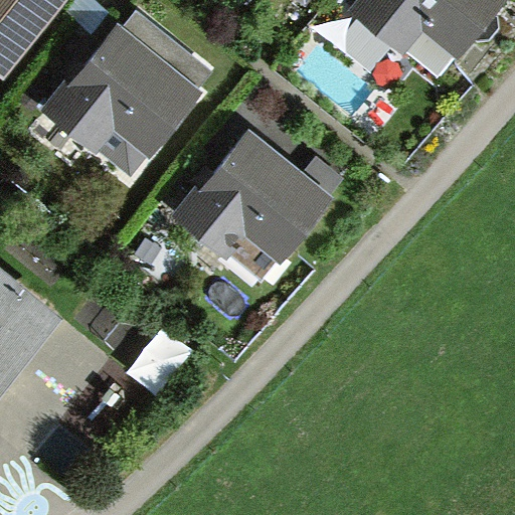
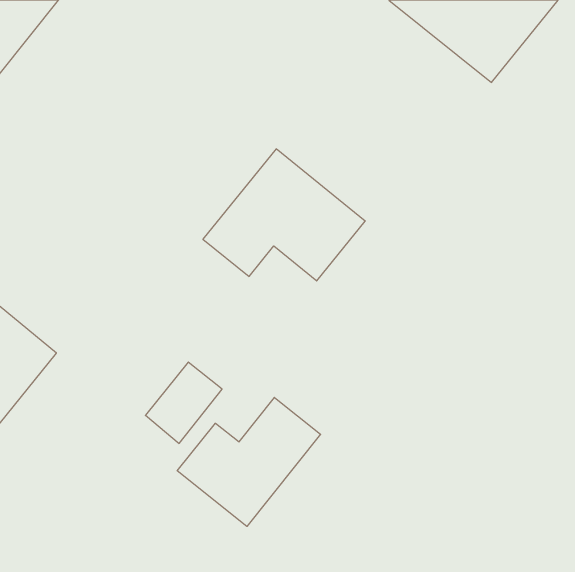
building: [50,19,204,149] -> none
building: none -> [177,397,321,526]

